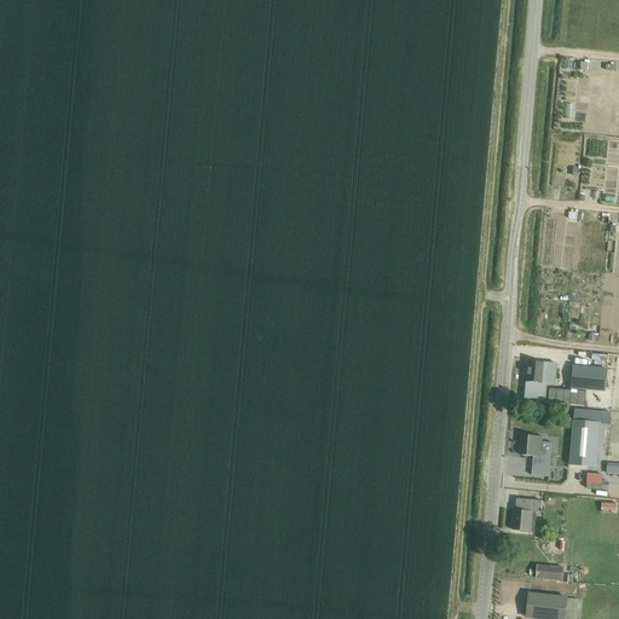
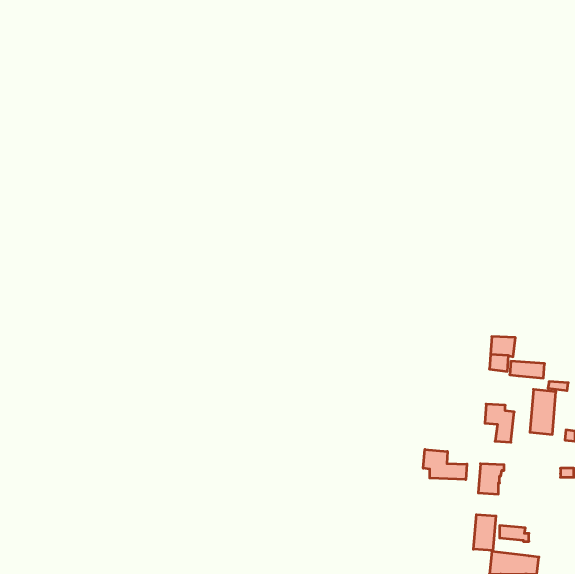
building: [571,365,607,391] -> none
building: none -> [423,449,467,480]
building: none -> [473,515,496,551]

